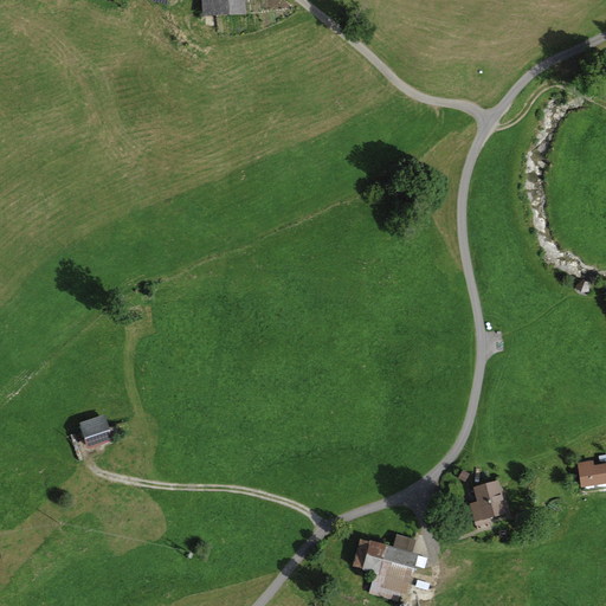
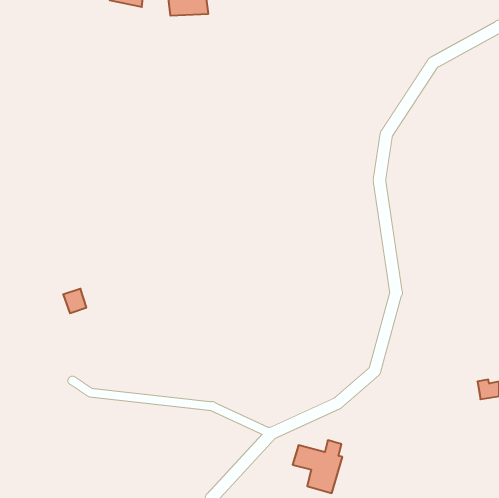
building: [80,414,109,444] -> [63,289,86,313]
building: [470,481,504,517] -> none

